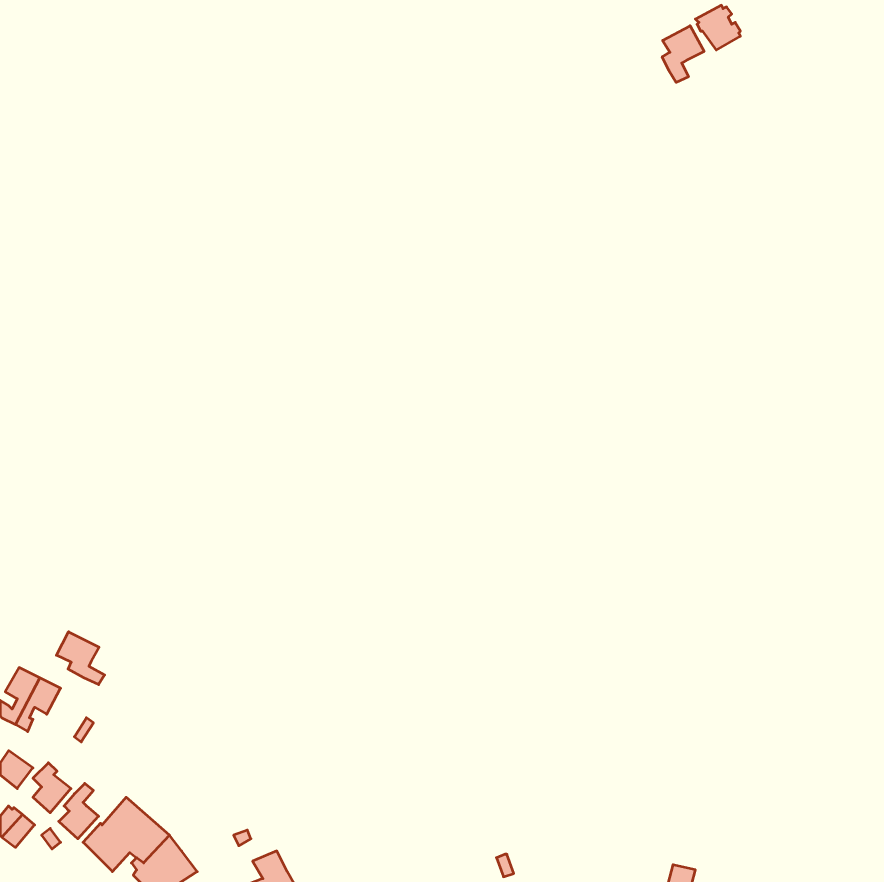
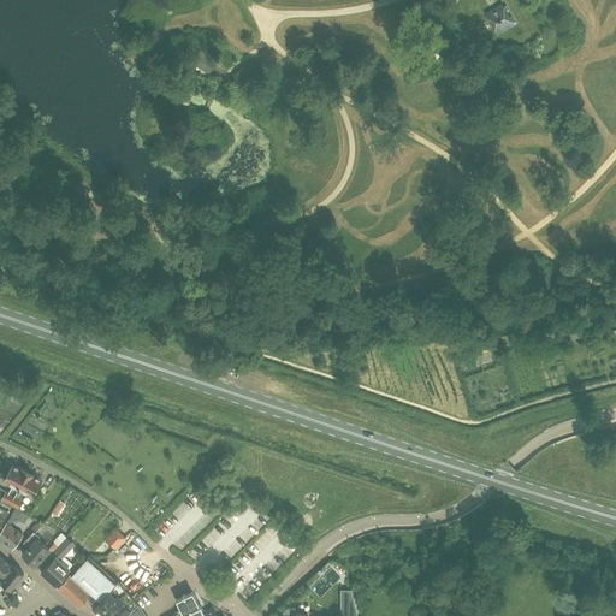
building: [662,26,704,82] -> none
building: [56,632,105,685] -> none

